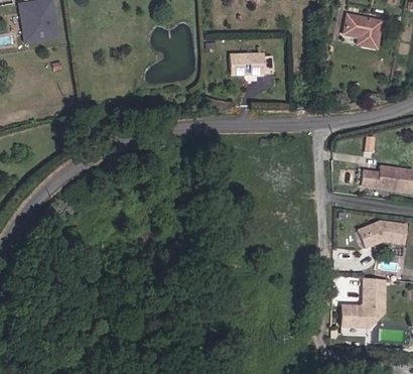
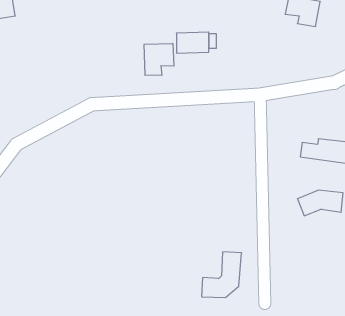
building: none -> [144,43,174,75]
building: [341,278,384,327] -> [202,252,242,298]

